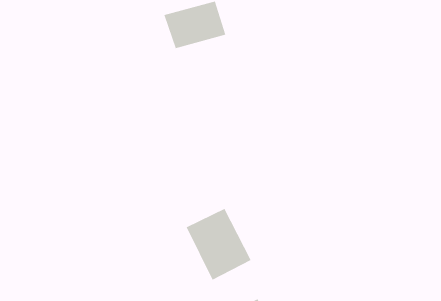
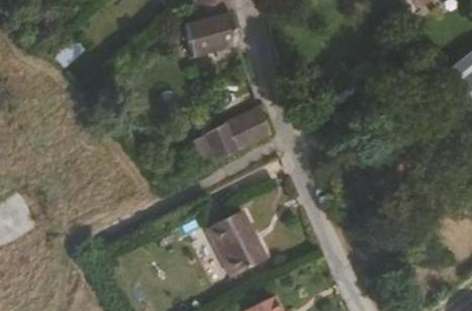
building: none -> [195,101,274,153]

